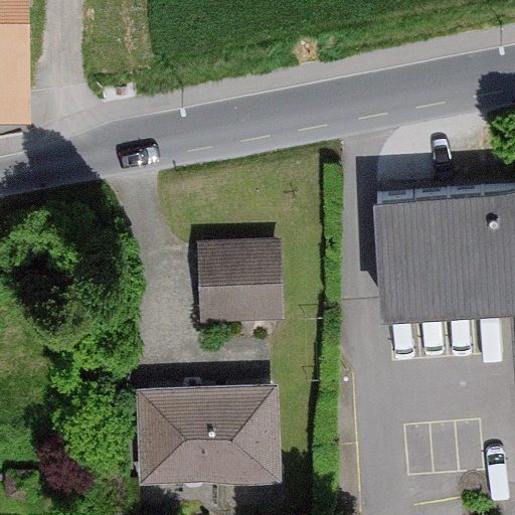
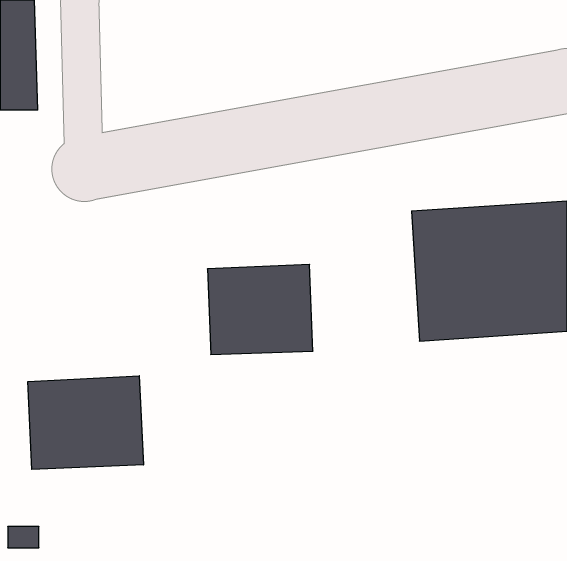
building: none -> [28,376,143,469]
building: [134,385,282,481] -> none

